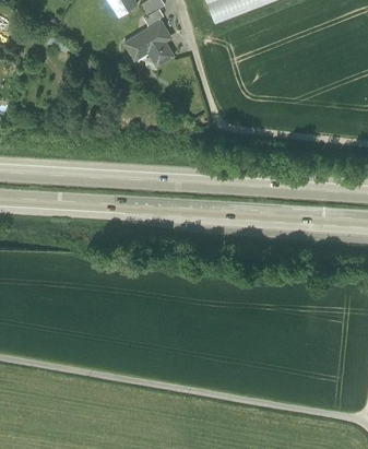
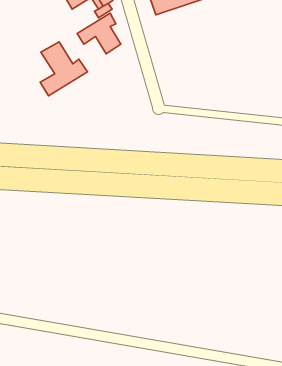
building: none -> [40,42,88,96]

